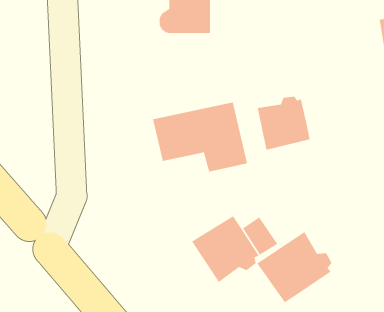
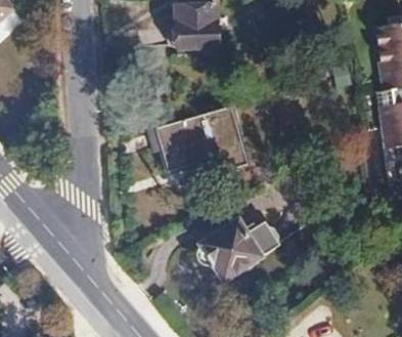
building: [257,96,310,150] -> none
building: [256,231,332,303] -> none

